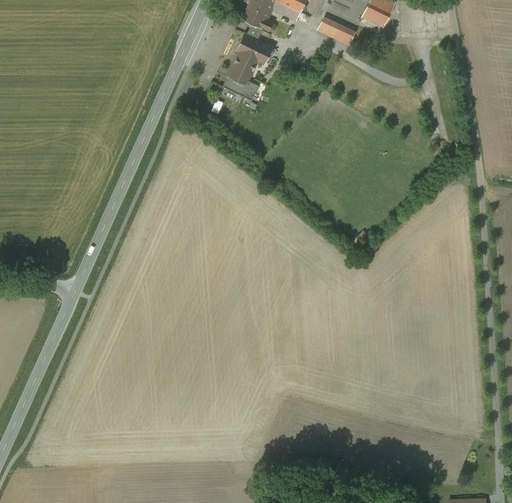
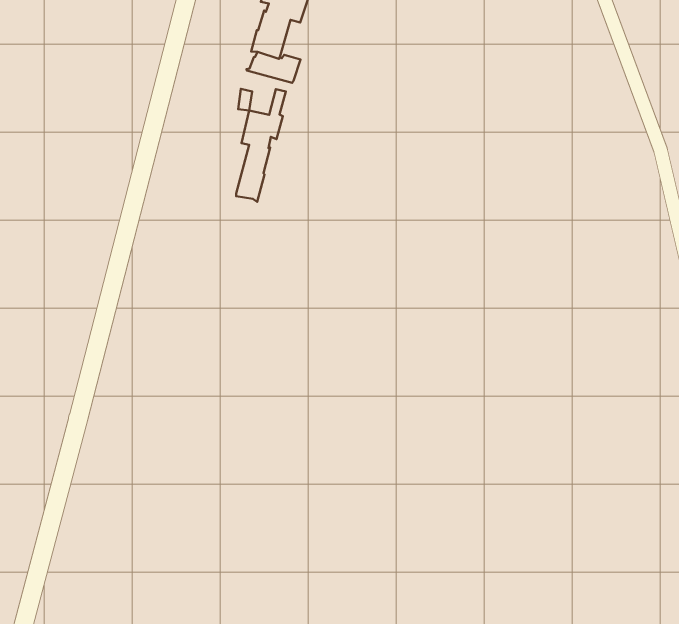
building: none -> [236,89,286,202]

